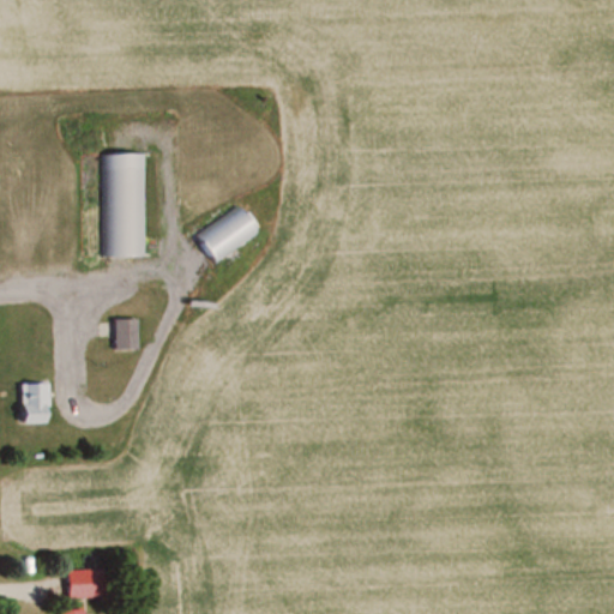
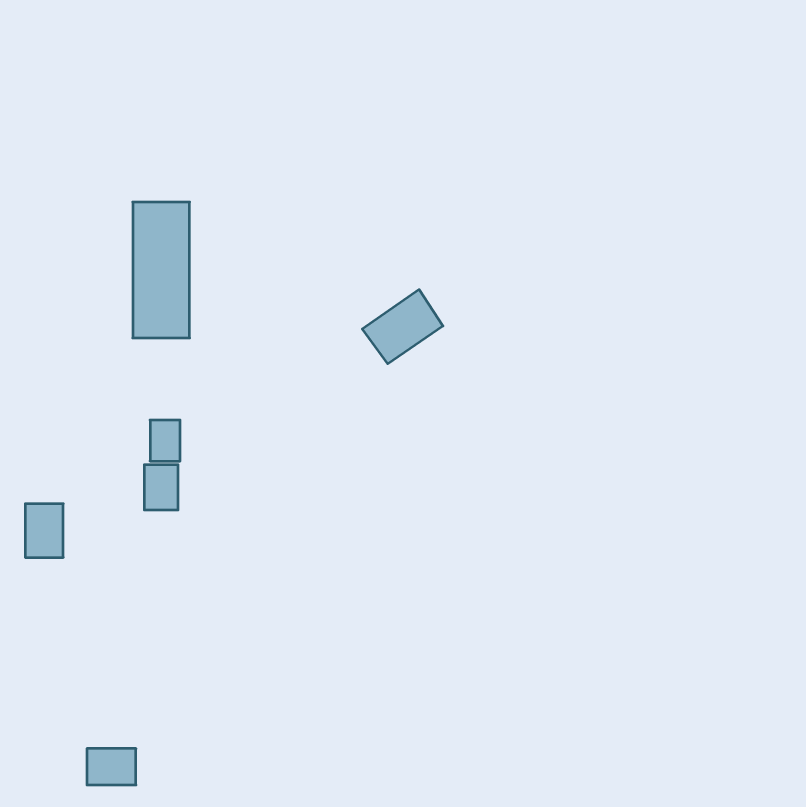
building: [197,204,258,260] -> [362,290,443,364]
building: none -> [144,465,178,510]

